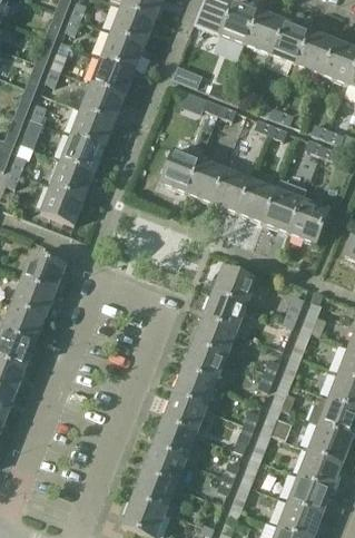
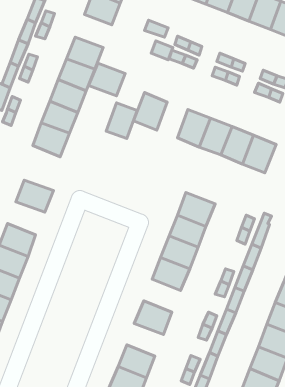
building: [90,57,134,96] -> [88,63,125,96]
building: [187,160,224,203] -> [106,103,137,139]
building: [10,278,55,317] -> none
building: [171,370,215,409] -> none
building: [151,422,195,461] -> none

